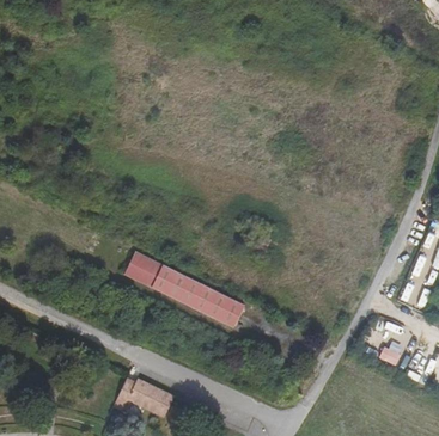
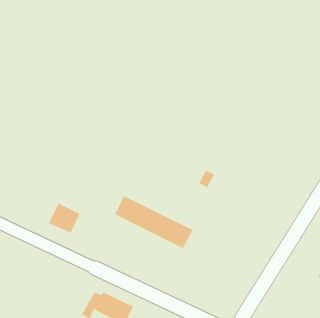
building: [123,251,161,287] -> [48,203,80,233]

